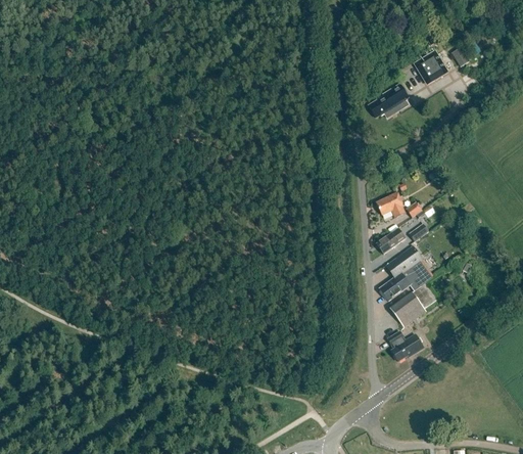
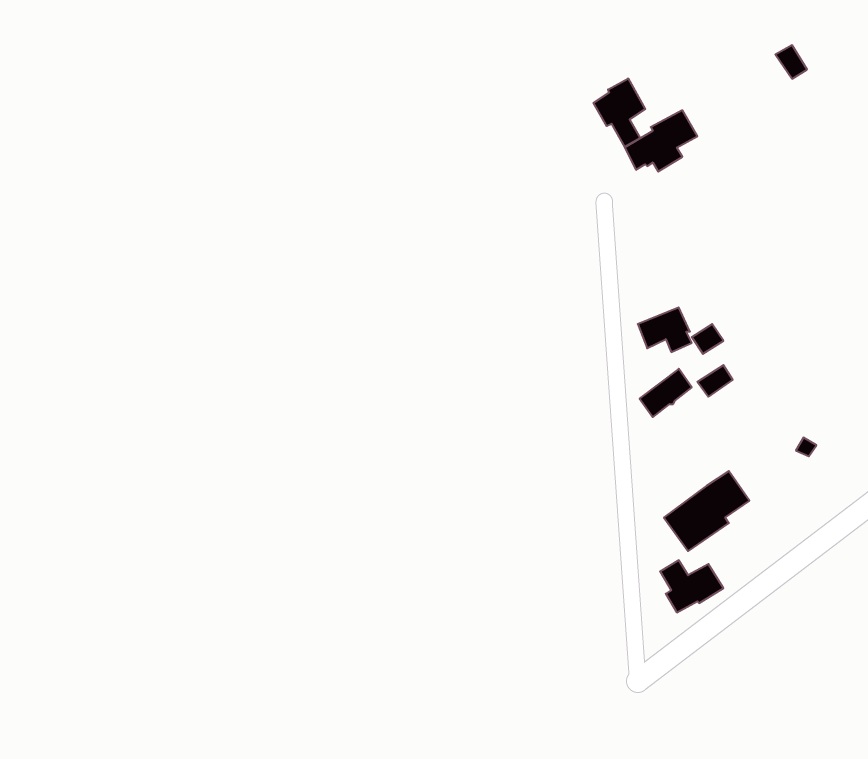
building: [415,53,447,85] -> none
building: none -> [594,78,645,147]
building: [379,246,433,301] -> none

